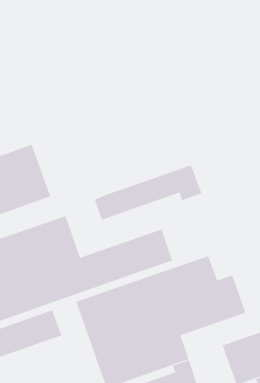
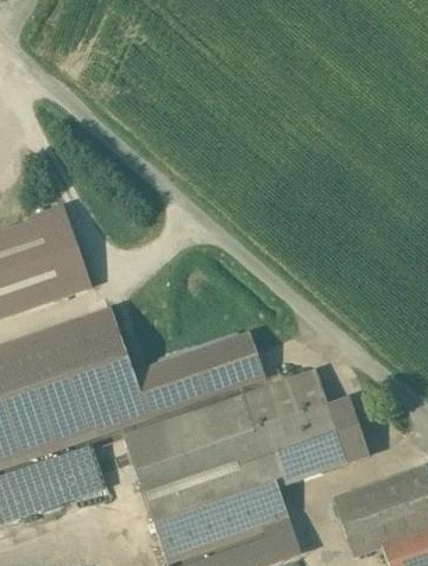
building: [94,164,202,220] -> none

